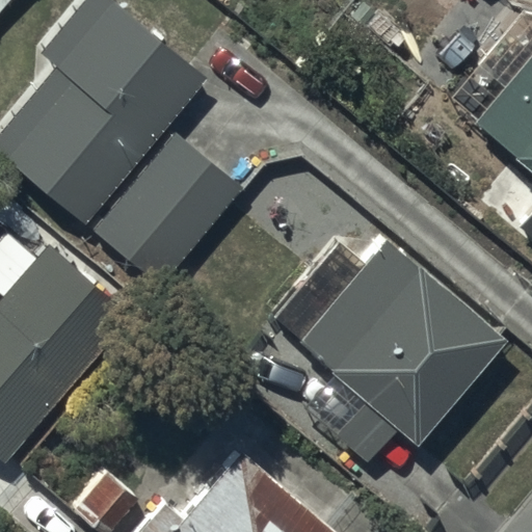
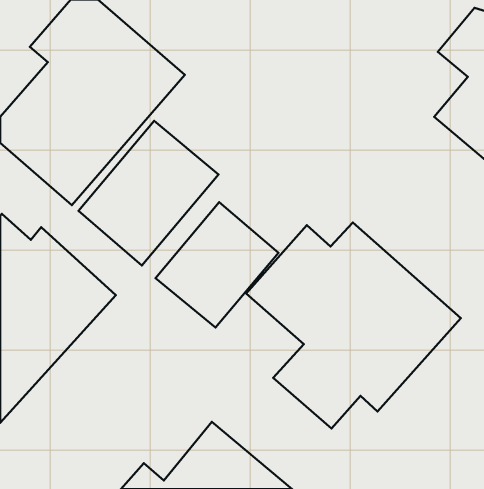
building: none -> [155,202,279,328]

